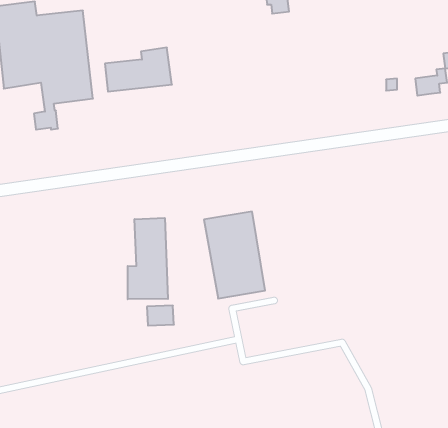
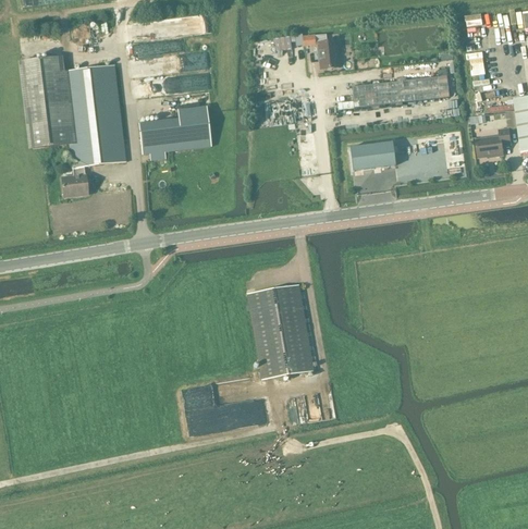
building: none -> [353,75,451,107]
building: none -> [349,142,395,170]
building: [128,218,168,299] -> none

